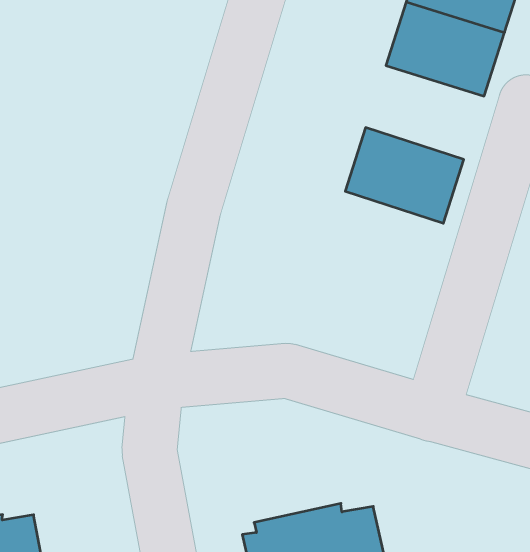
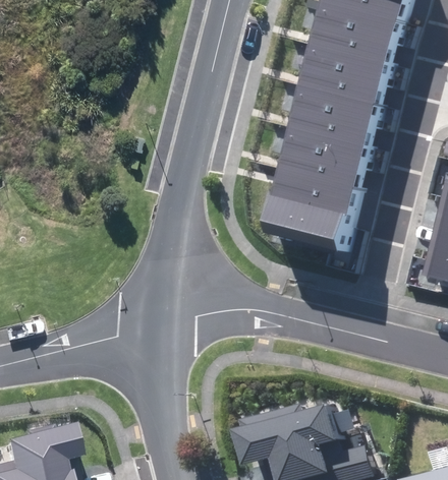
building: none -> [295,84,380,149]
building: none -> [271,177,355,243]

